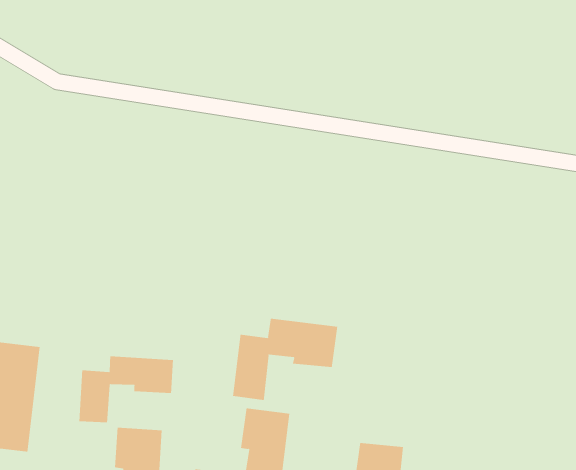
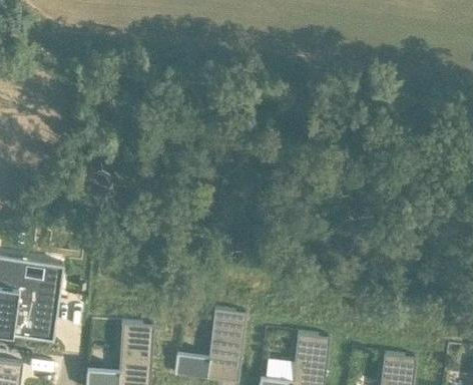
building: [233,318,338,401] -> none
building: [79,356,174,423] -> none

